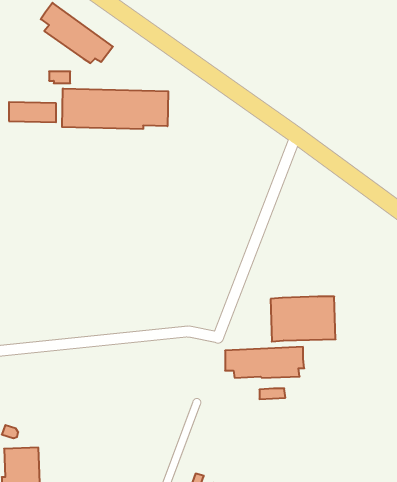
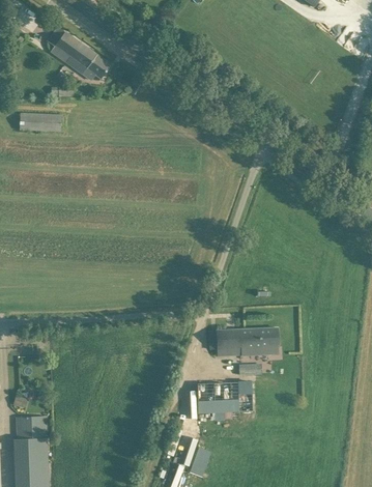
building: [62,88,168,129] -> none
building: [271,297,336,342] -> [197,381,254,421]

